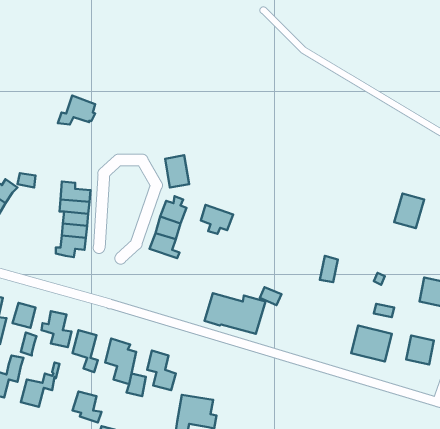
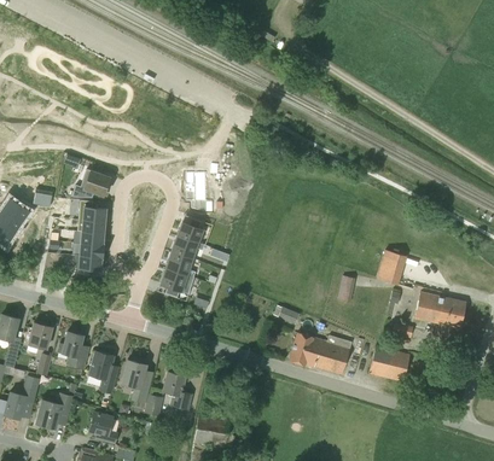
building: [58,96,95,124] -> [74,169,111,198]
building: [394,193,424,228] -> [376,250,406,285]
building: [201,205,233,234] -> [161,268,193,297]
building: [204,293,266,334] -> [289,332,350,373]
building: [406,336,434,364] -> [414,292,442,321]

